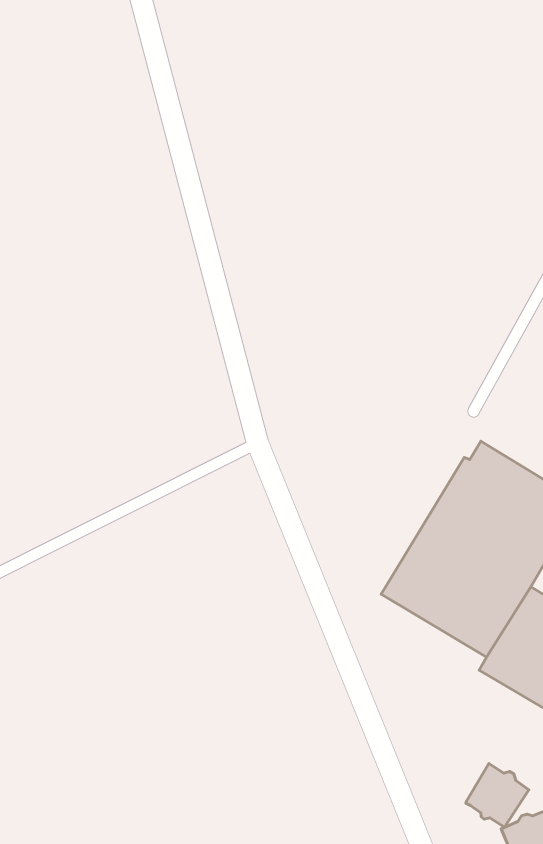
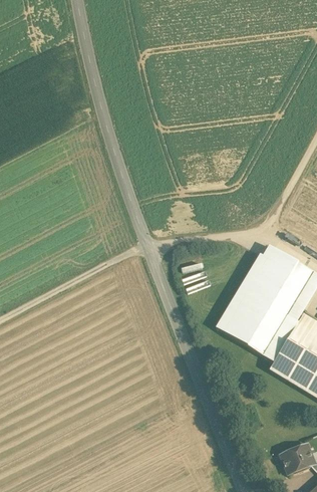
building: [466,763,529,827] -> none

